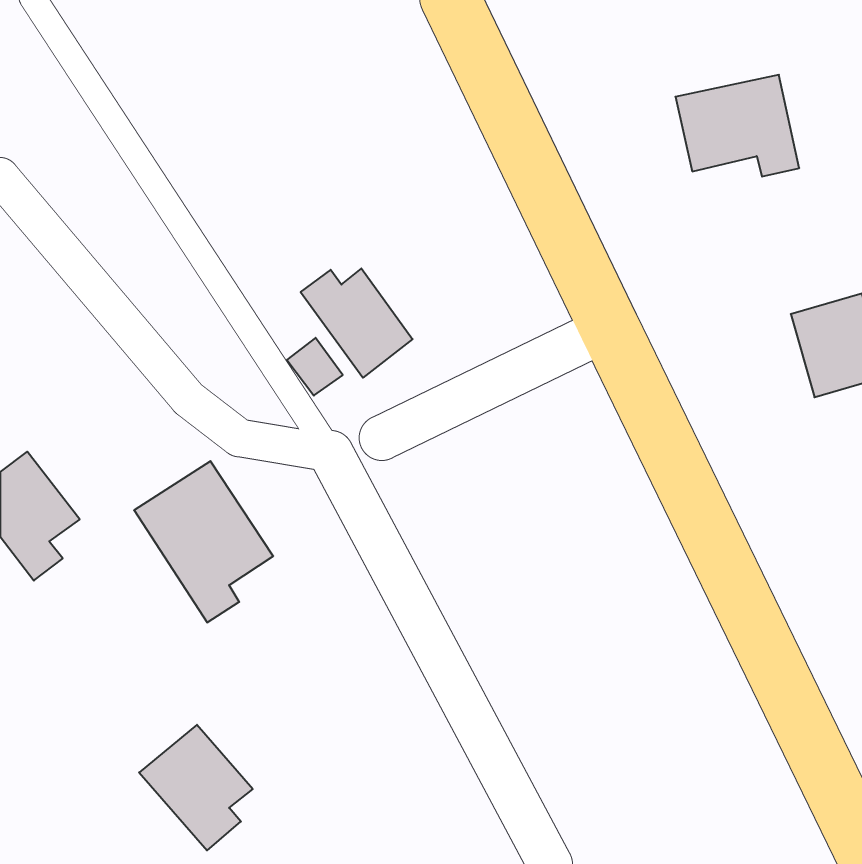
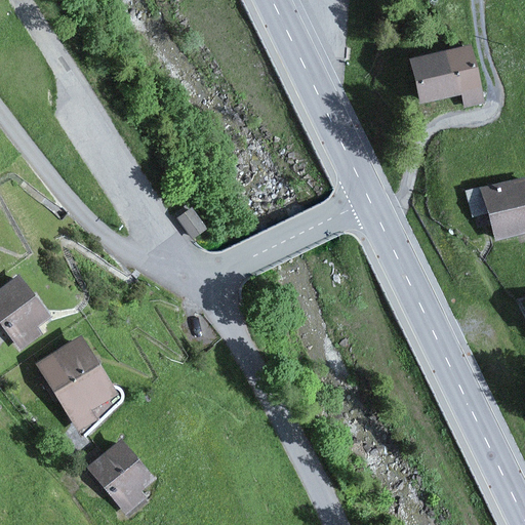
building: [301,268,413,378] -> none
building: [134,461,273,622] -> [31,334,115,432]

